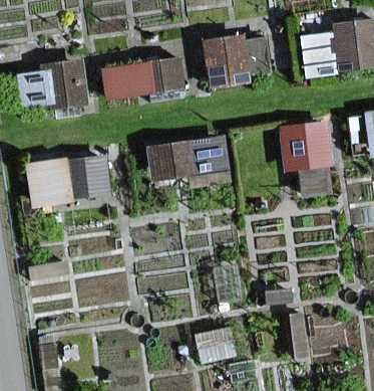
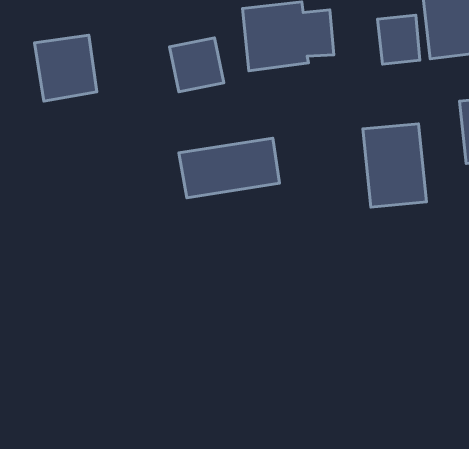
building: [25,152,114,205] -> none

